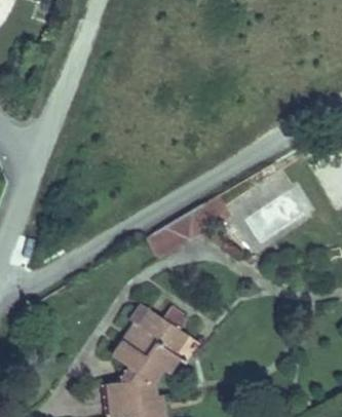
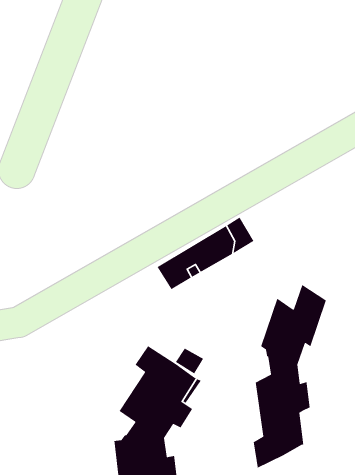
building: none -> [253,284,327,469]

